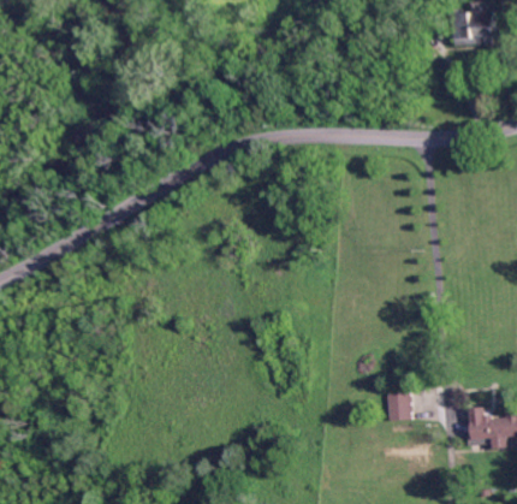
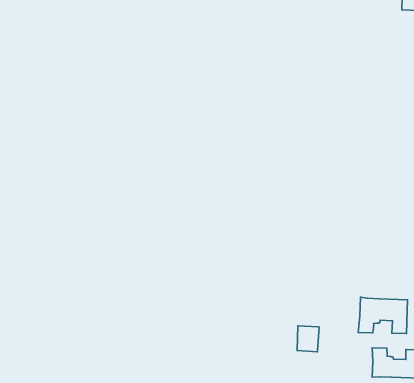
building: none -> [358,297,408,333]

